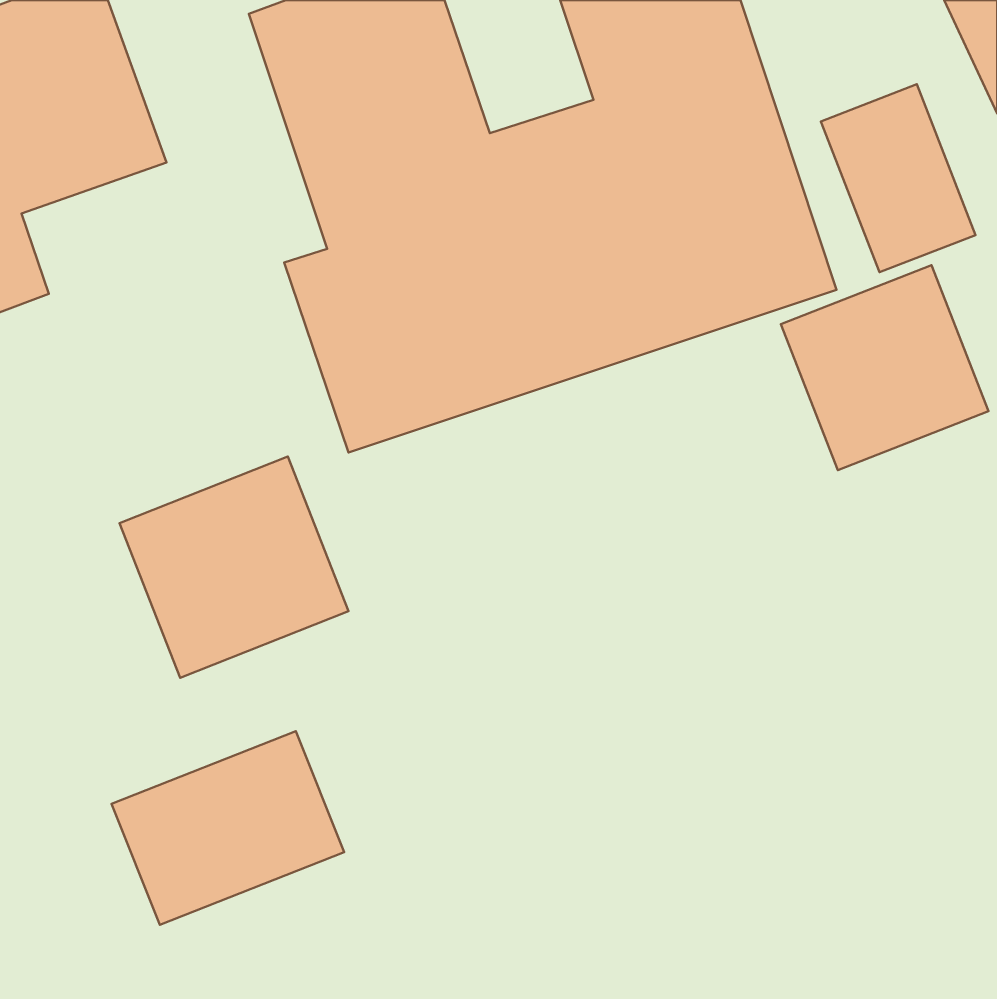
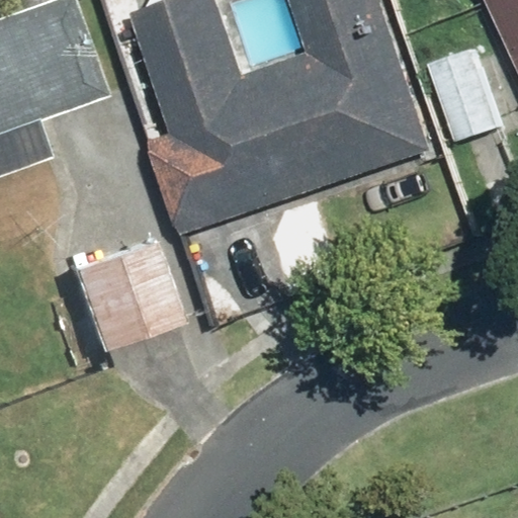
building: [781,265,988,470] -> none
building: [112,731,344,925] -> none

